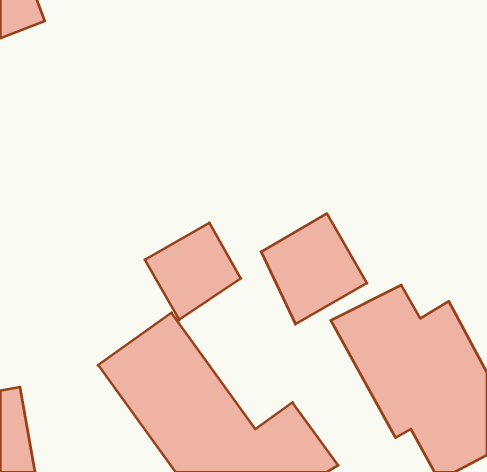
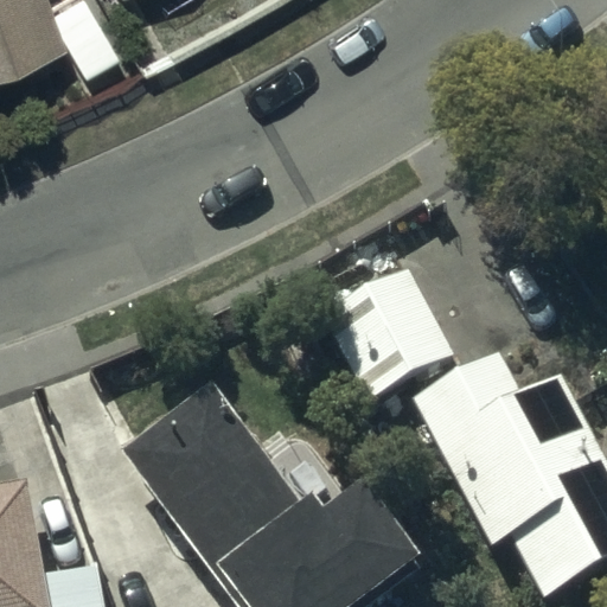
building: [145,223,241,320] -> none

